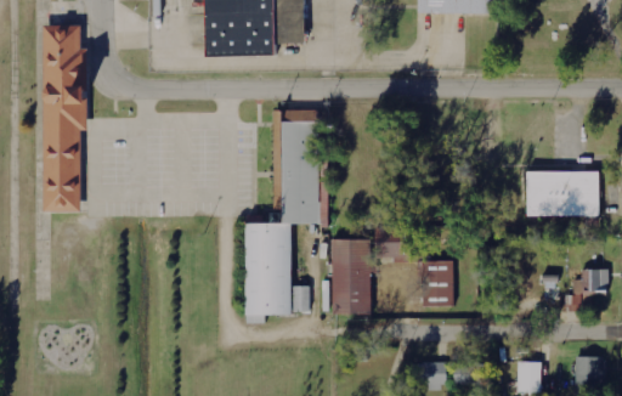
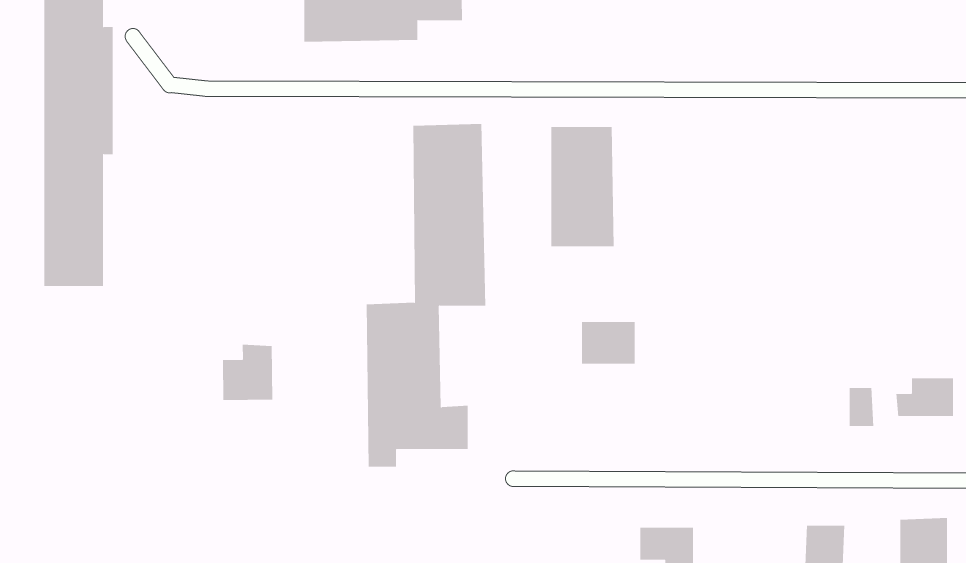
building: [525,166,598,211] -> none
building: [330,238,371,313] -> [550,127,614,247]
building: none -> [222,344,273,401]
building: [419,261,449,306] -> none

